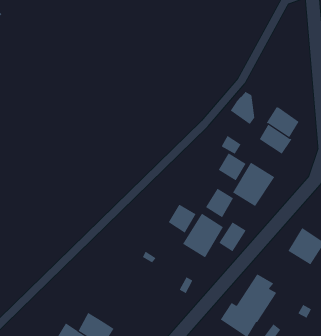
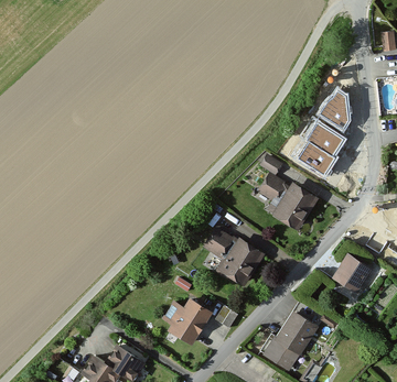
building: [230,91,255,125] -> [322,91,350,128]
building: [205,188,234,218] -> none
building: [218,221,246,252] -> none
building: none -> [161,296,212,346]

